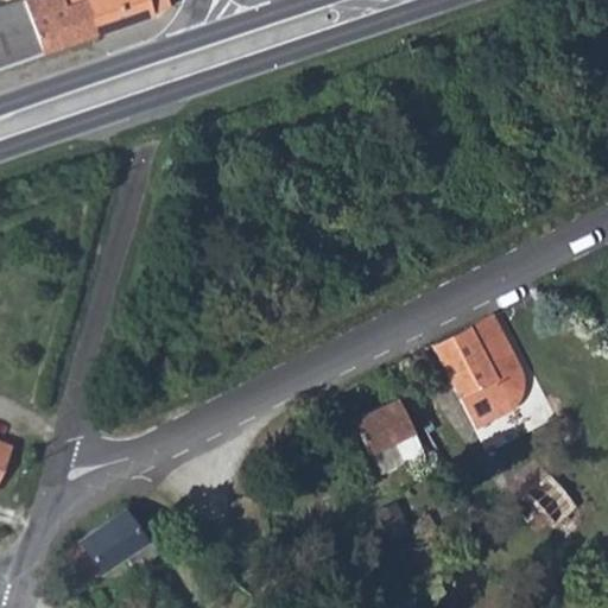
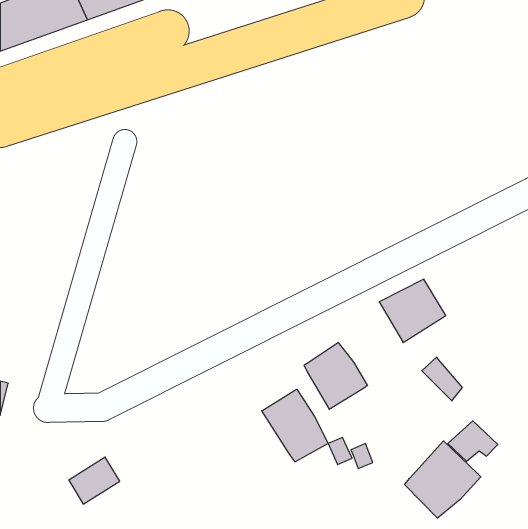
building: [464,360,521,417] -> none
building: none -> [262,389,328,462]
building: none -> [405,441,481,518]

